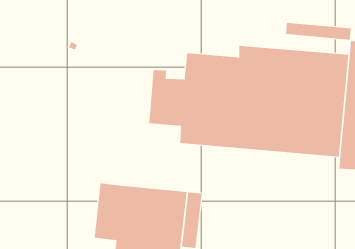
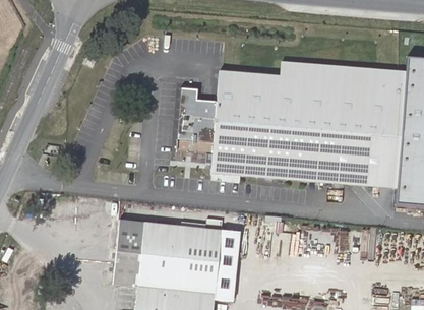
building: [286,22,351,40] -> none

